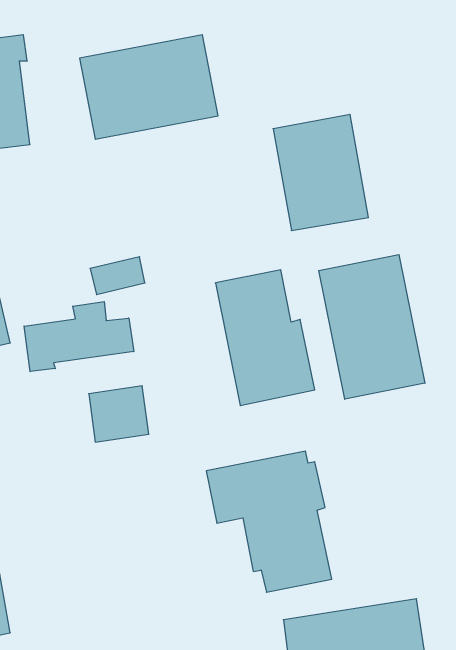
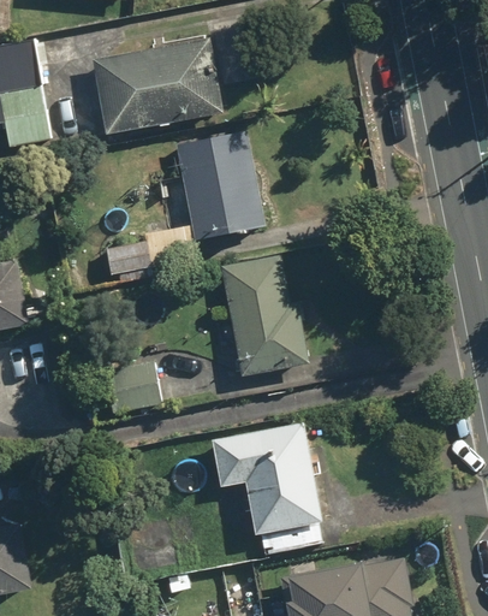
building: [273,114,368,231] -> [175,135,263,242]
building: [319,255,425,399] -> none
building: [24,302,134,372] -> none

